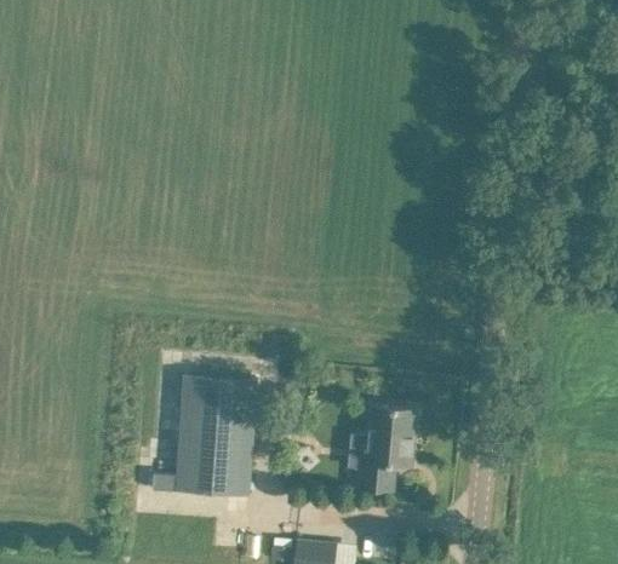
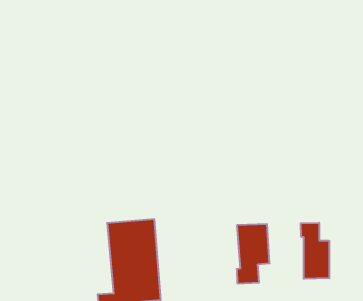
building: none -> [301,223,329,279]

